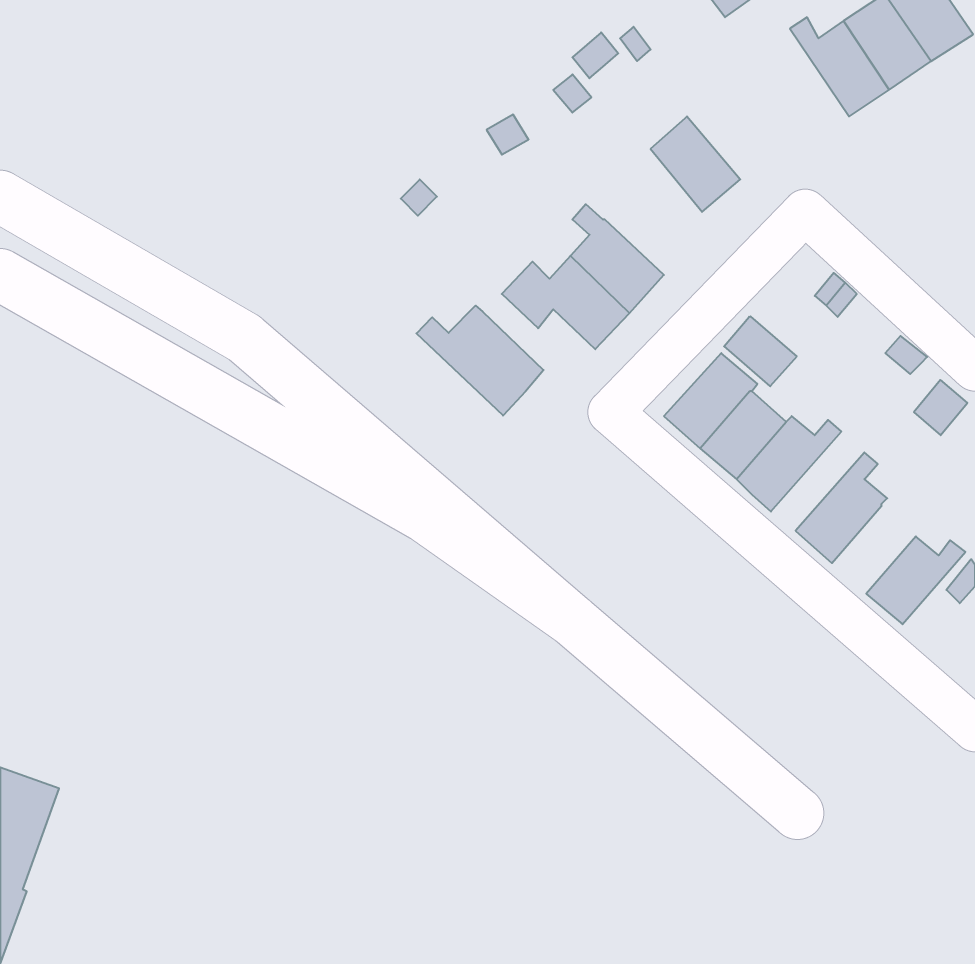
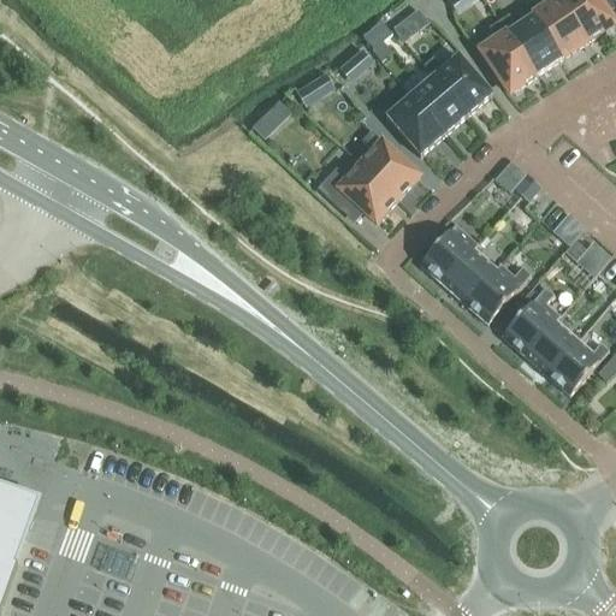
building: none -> [480,18,535,91]
building: none -> [422,53,491,113]
building: none -> [386,94,443,154]
building: [416,306,544,416] -> none
building: [724,316,797,386] -> none
building: none -> [525,319,578,374]

